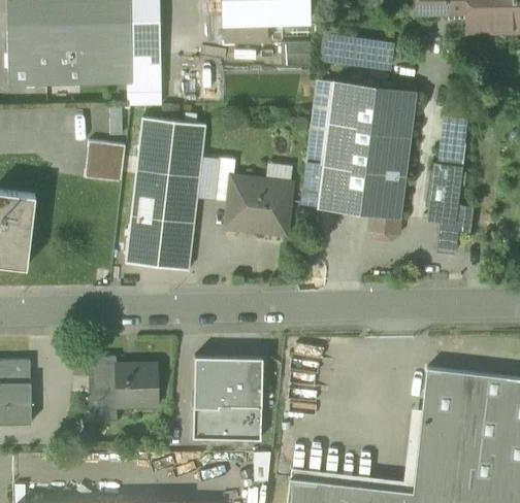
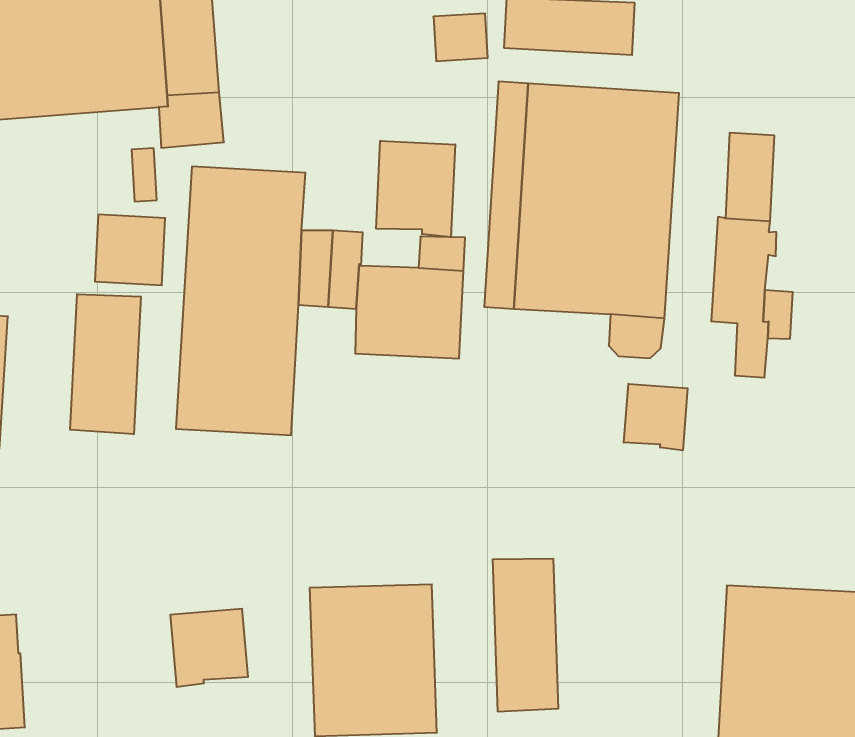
building: none -> [376,141,455,237]
building: none -> [70,294,141,434]
building: none -> [624,384,688,450]
building: none -> [493,559,558,712]
building: [86,357,118,422] -> none

